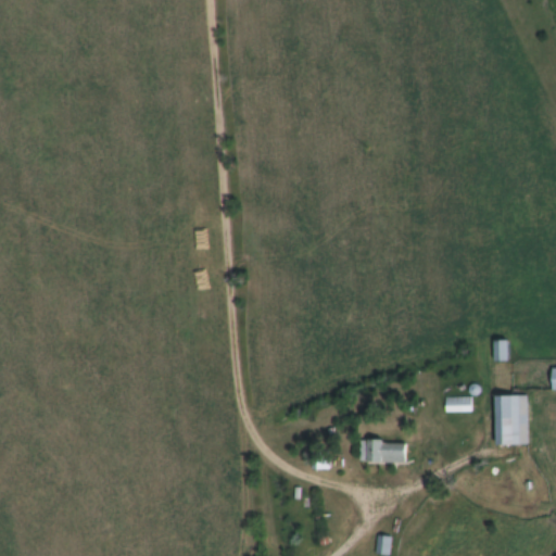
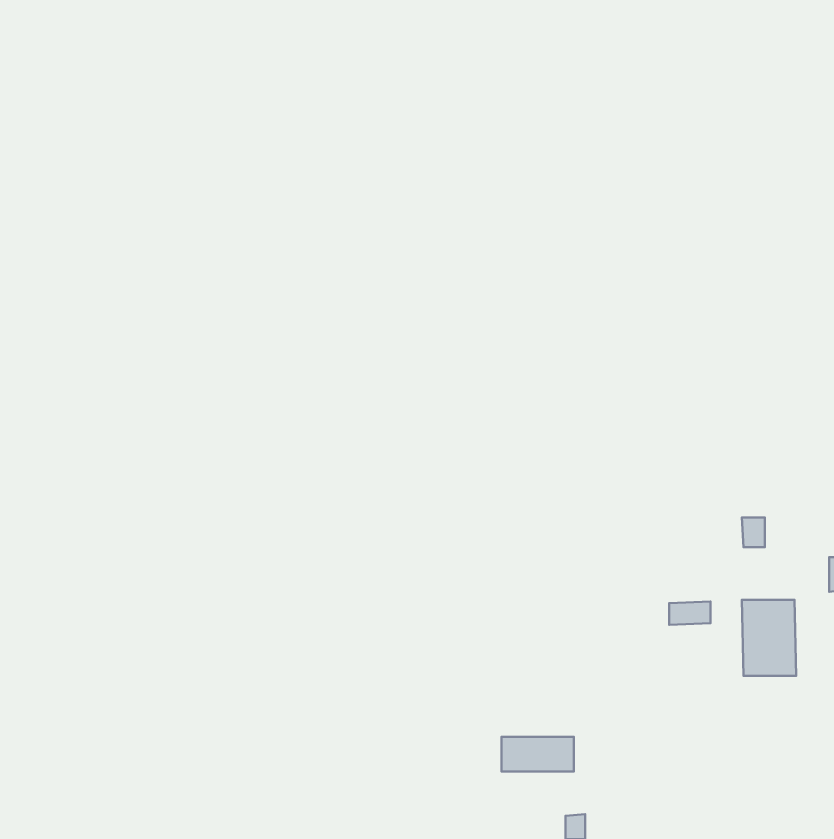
building: [361,441,408,464] -> [501,737,574,771]

